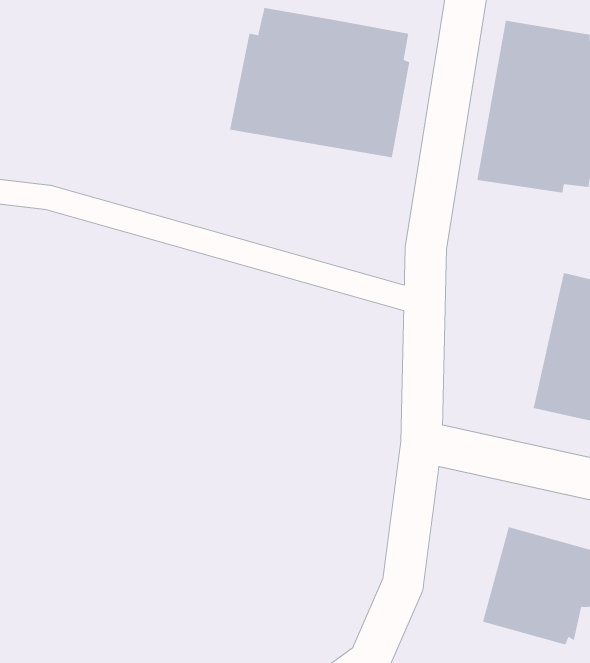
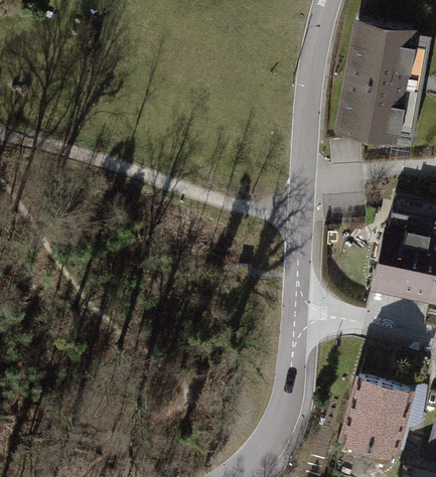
building: [230,7,410,158] -> none

